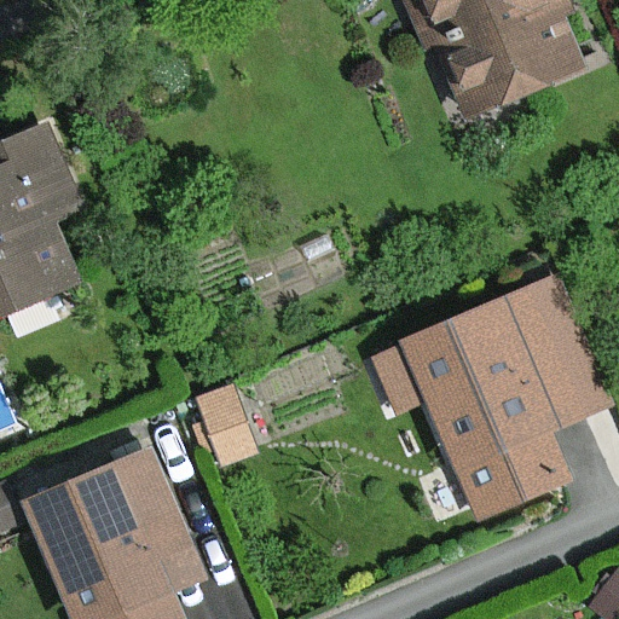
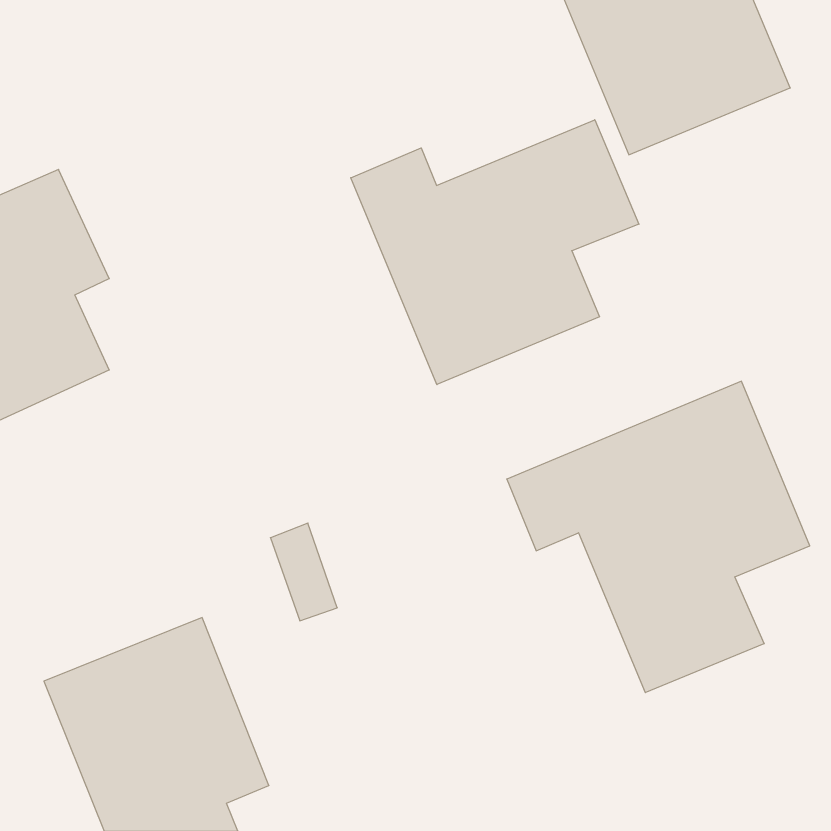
building: none -> [351,120,639,385]

